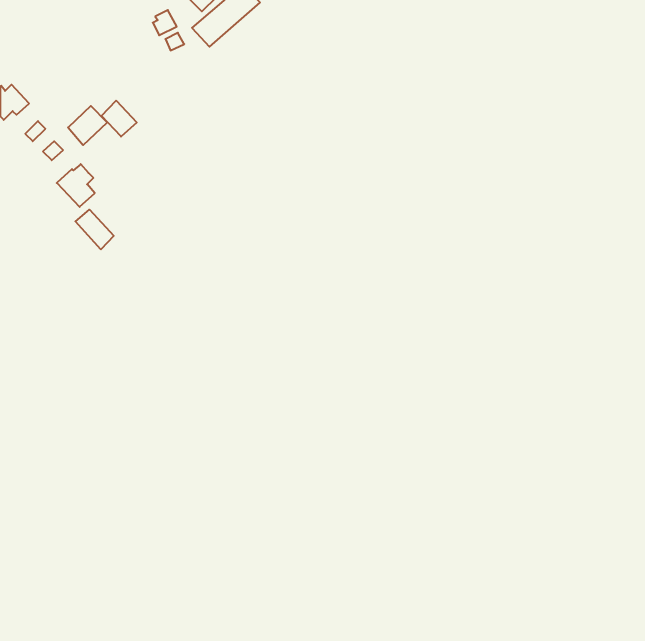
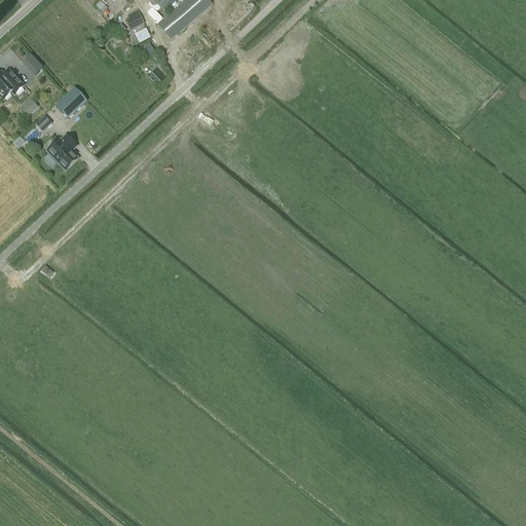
building: [101,101,137,137] -> none
building: [75,210,114,249] -> none

